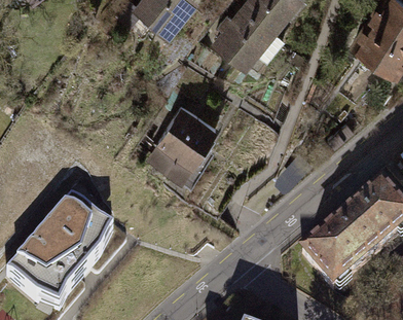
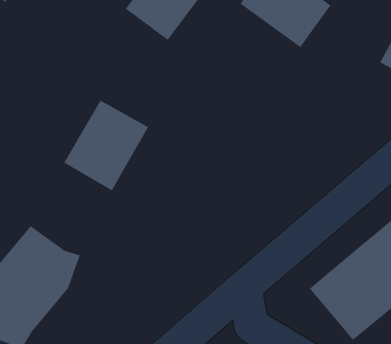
building: [210,8,289,83] -> none
building: [144,107,218,186] -> [63,99,149,191]

